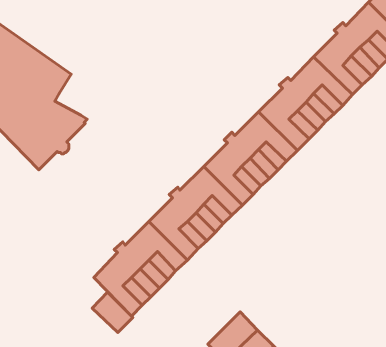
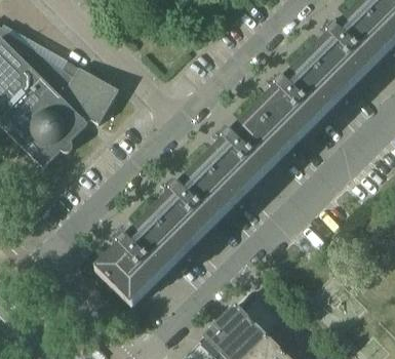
building: none -> [57,67,117,124]
building: [92,292,133,332] -> none

